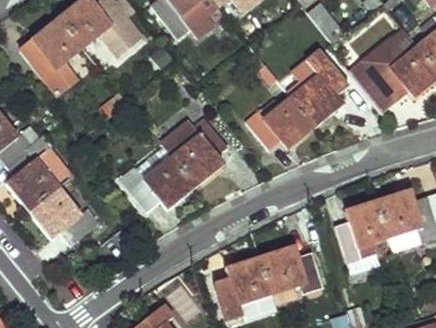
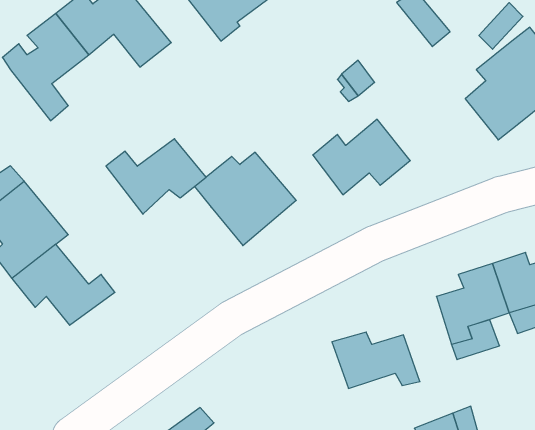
building: [291,59,345,126] -> none
building: [120,160,193,215] -> [106,139,206,214]
building: [215,258,270,316] -> none

